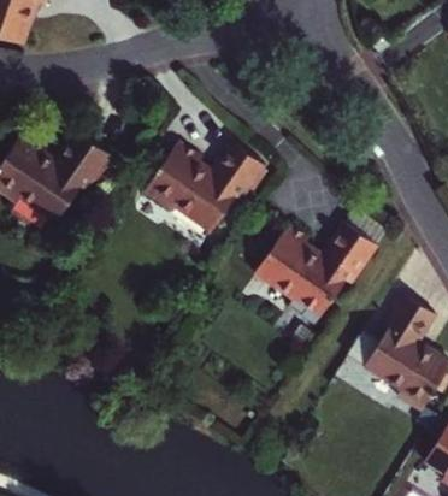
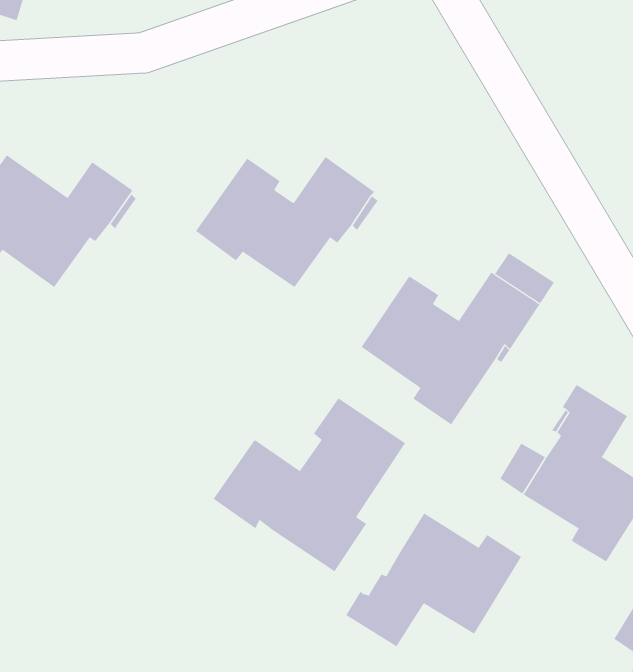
building: none -> [213,397,406,572]
building: none -> [345,512,522,647]

